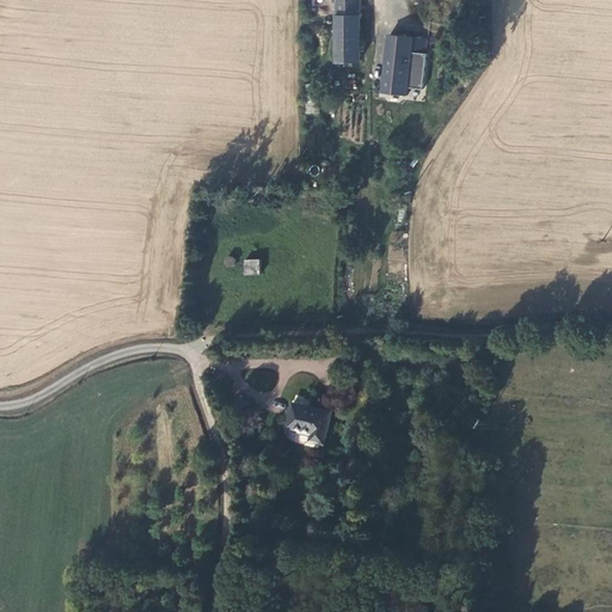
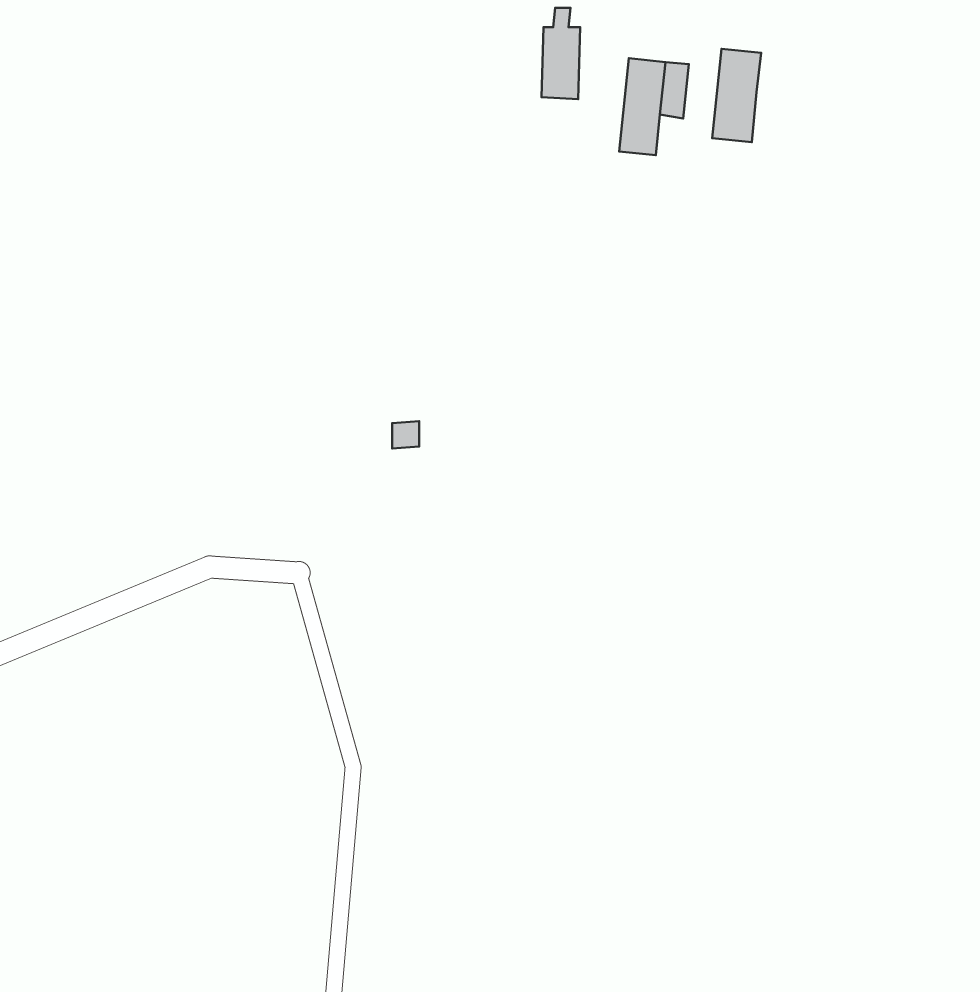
building: none -> [712,49,761,142]
building: [283,400,328,440] -> none

